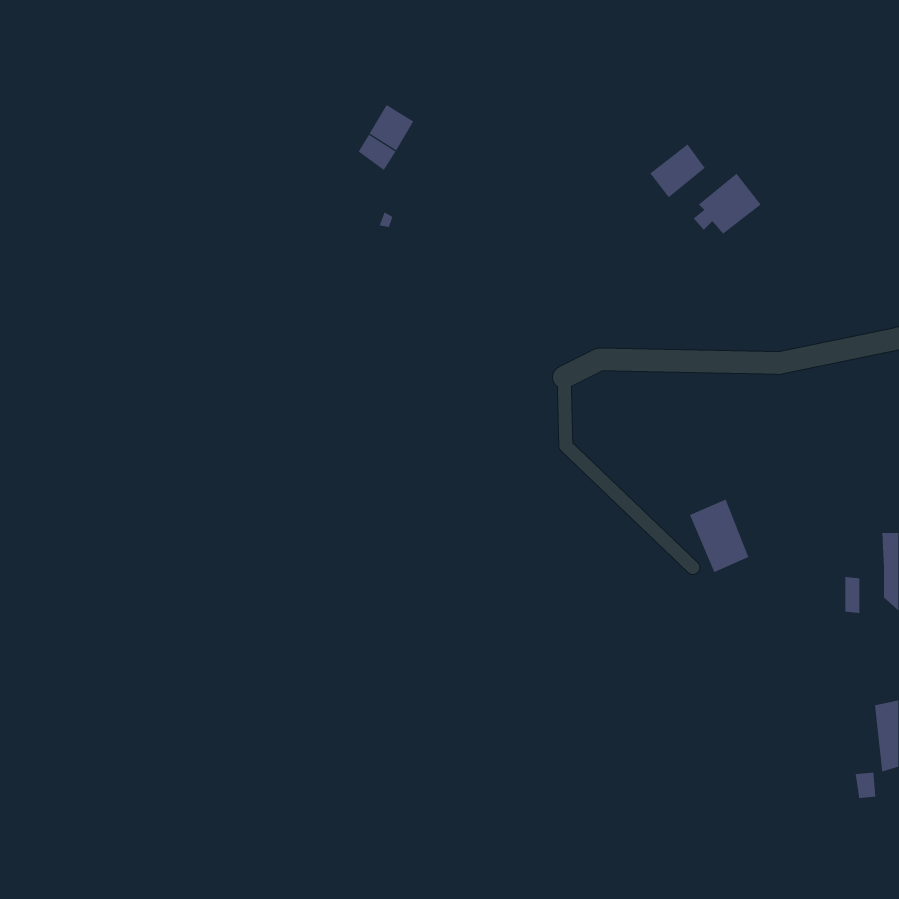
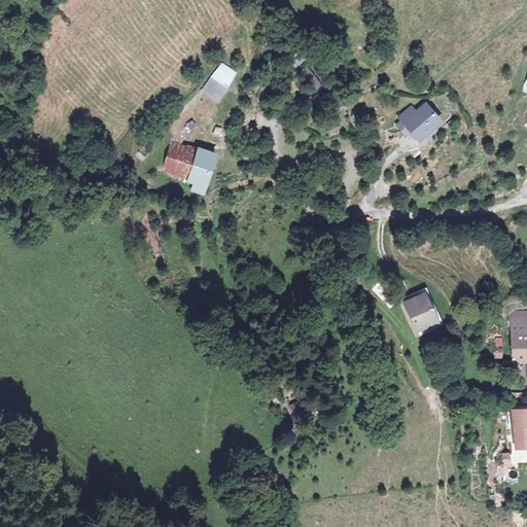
building: [650,144,706,198] -> none
building: none -> [160,141,214,191]

